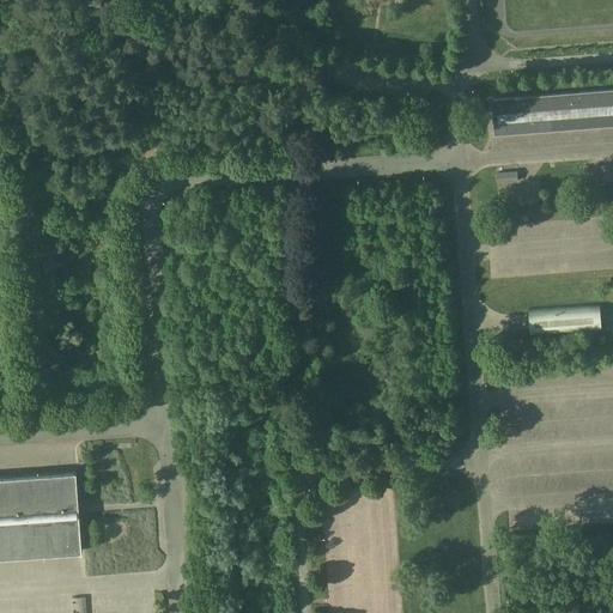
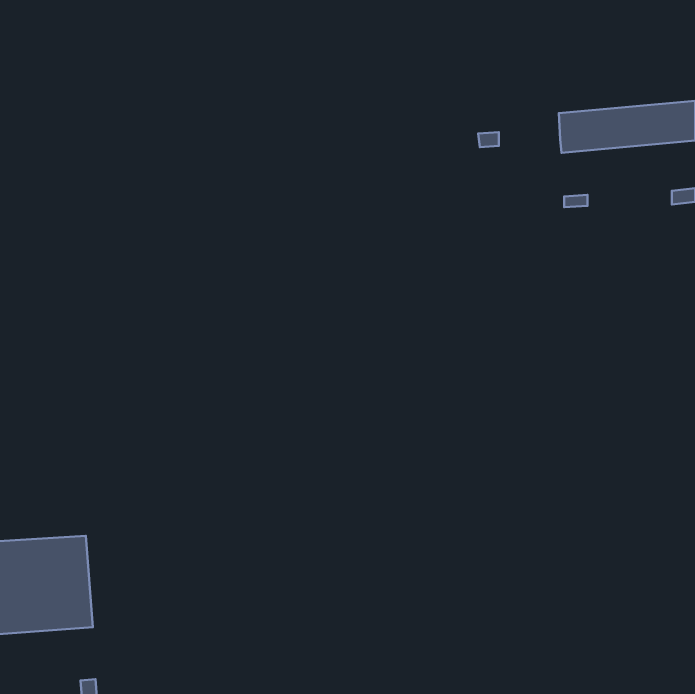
building: [527,306,600,338] -> none

